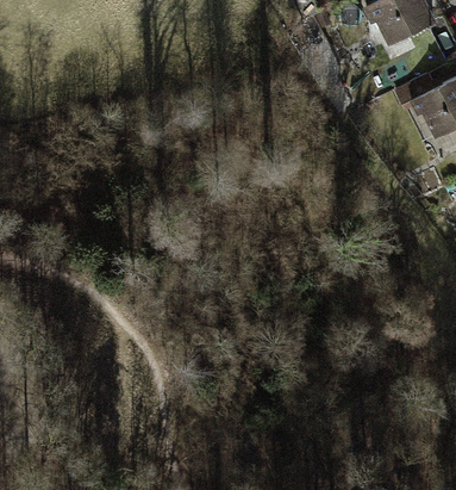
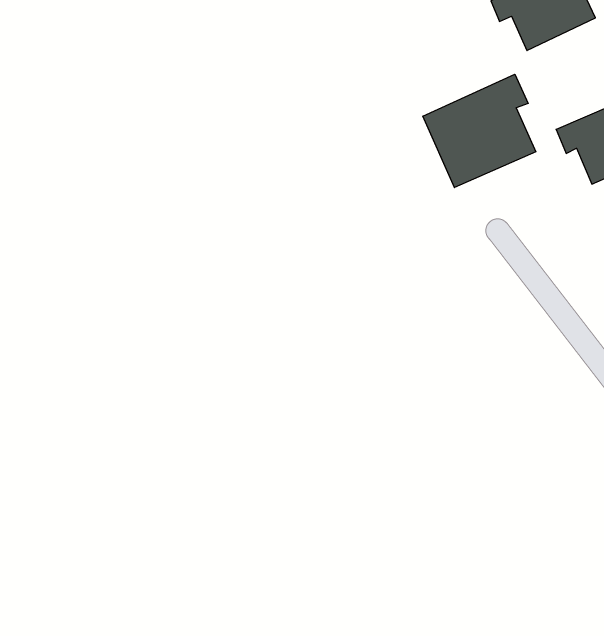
building: none -> [423,74,536,188]

